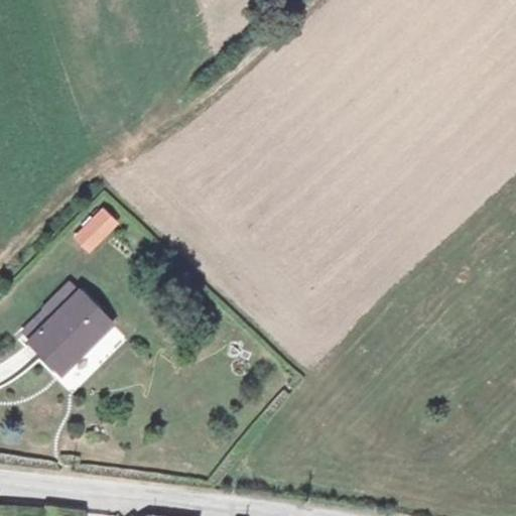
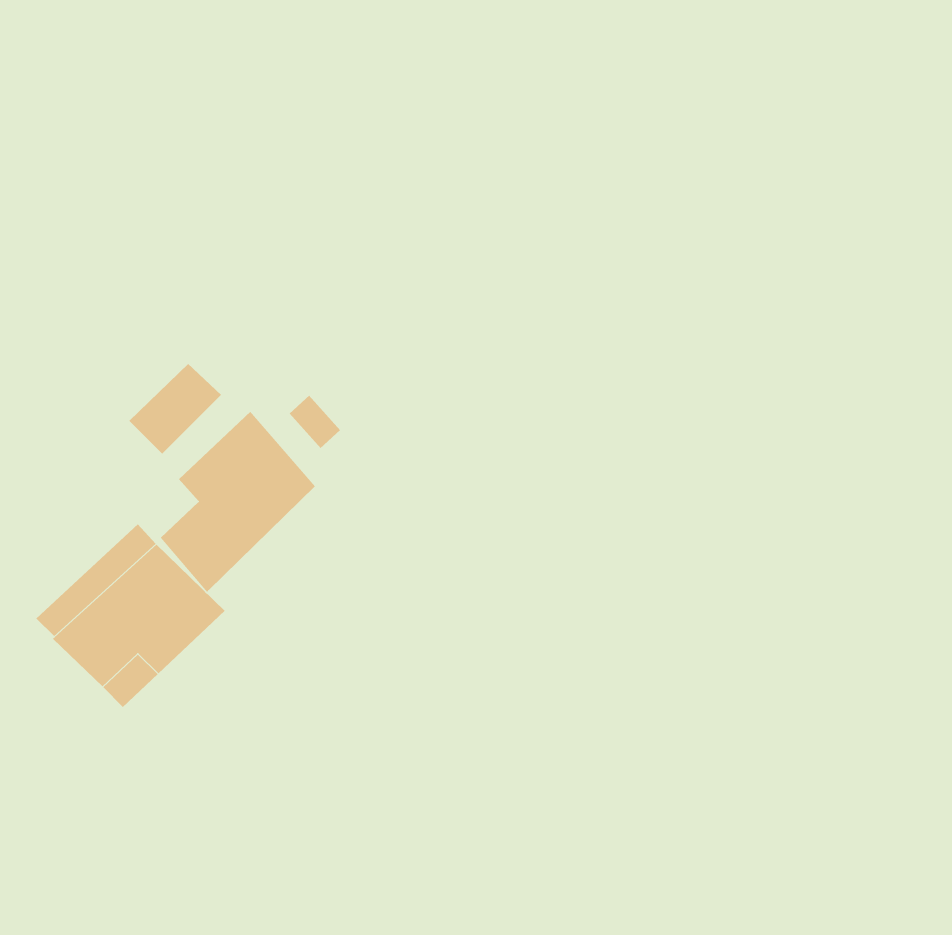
building: none -> [160,411,316,593]

